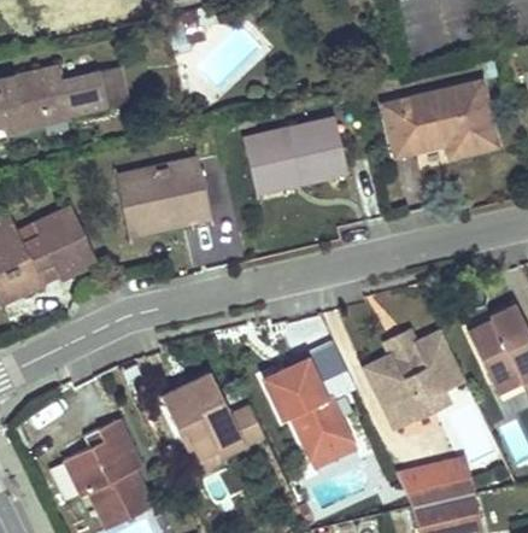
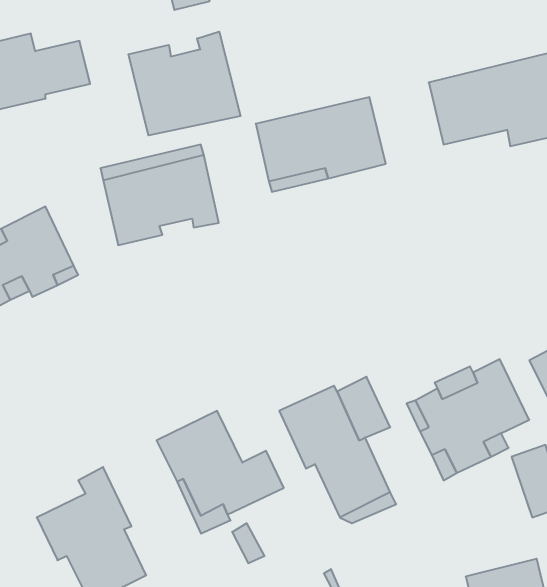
building: none -> [128,32,241,135]
building: [397,458,471,508] -> none

